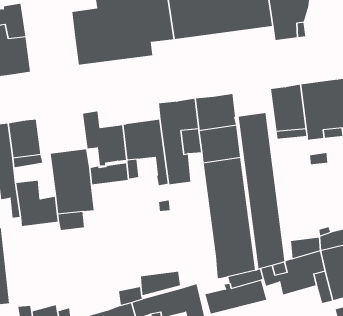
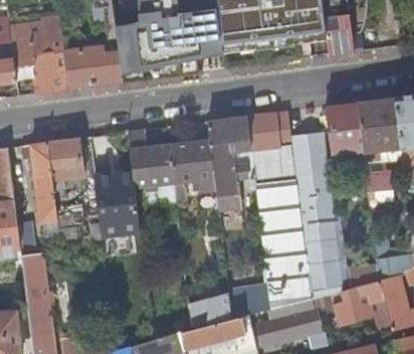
building: none -> [67,46,123,88]
building: none -> [228,284,269,315]

